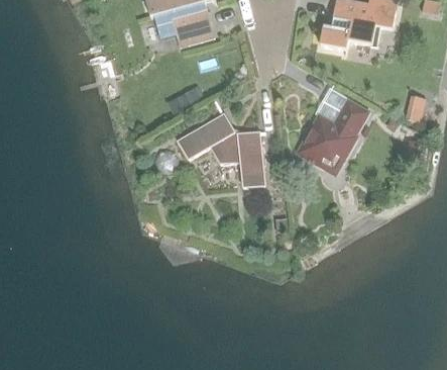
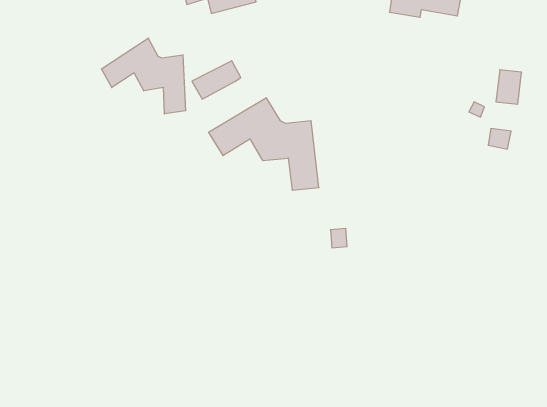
building: none -> [102,38,186,114]
building: [298,97,368,172] -> none

